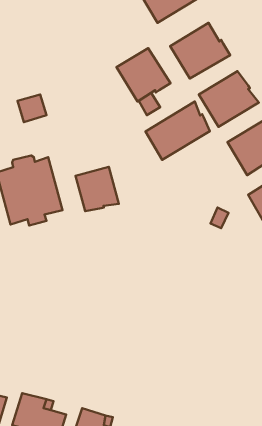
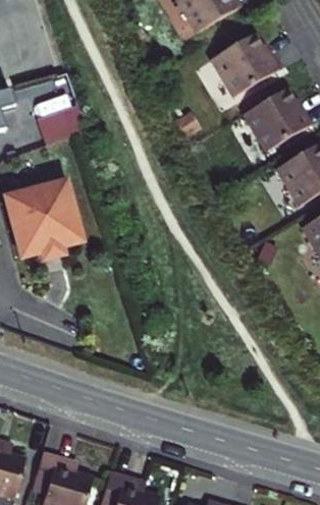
building: [117,48,171,102] -> none
building: [145,101,210,160] -> none
building: [76,167,119,211] -> none

